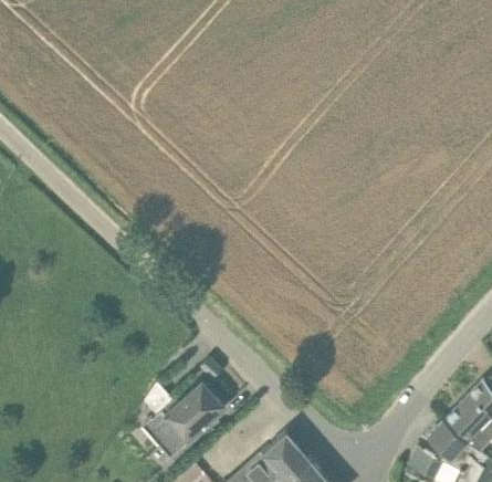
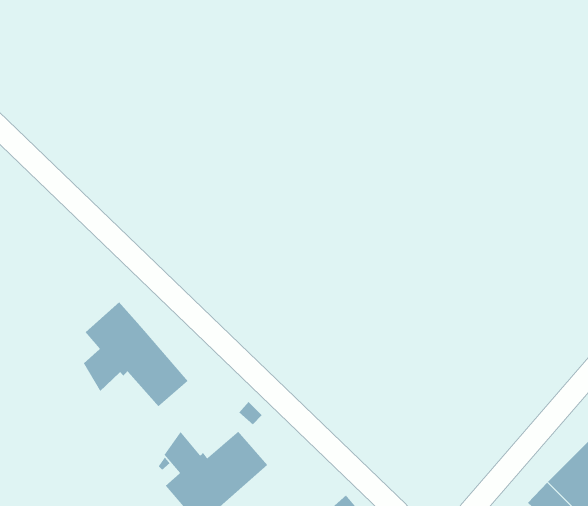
building: none -> [83,301,189,407]

